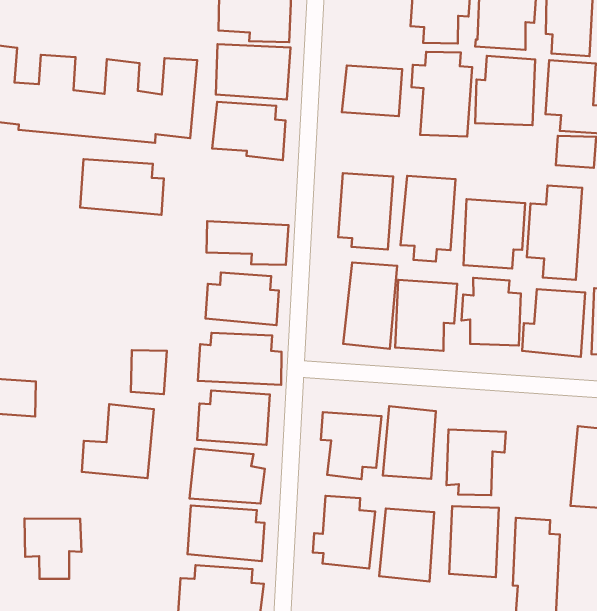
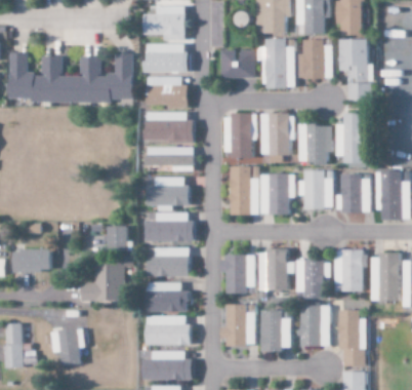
building: [80,159,164,215] -> [146,112,194,142]
building: none -> [334,249,364,291]

